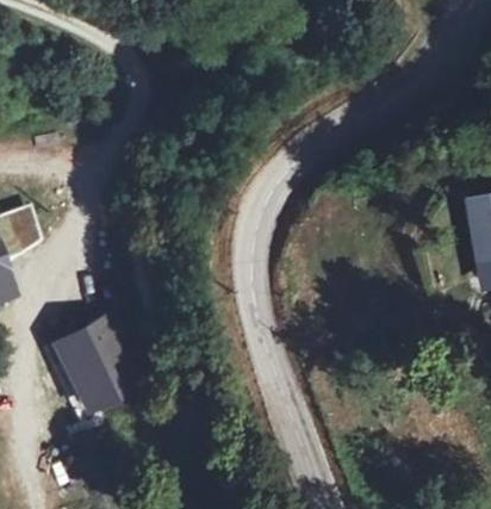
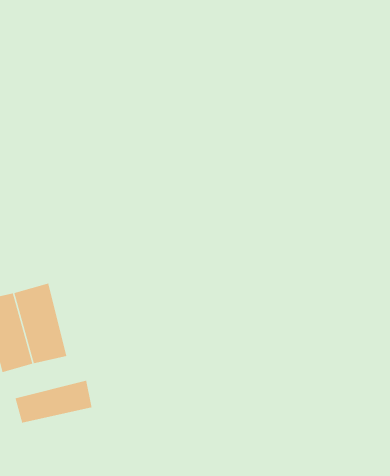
building: none -> [15,380,92,423]

